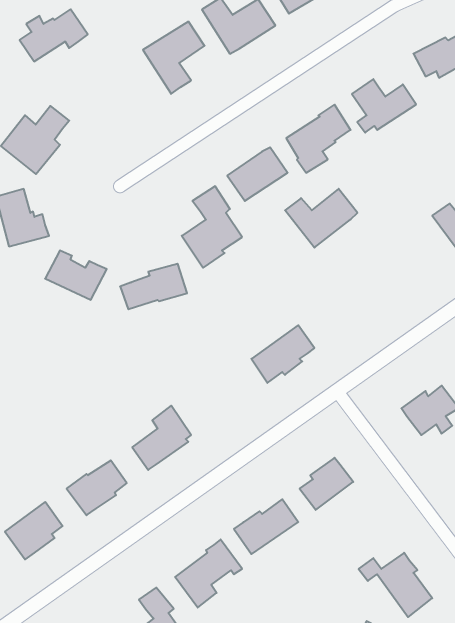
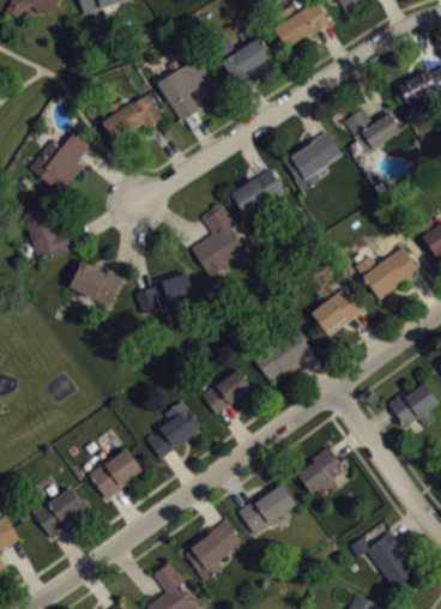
building: [20,9,88,61] -> [102,95,163,141]
building: [285,189,357,248] -> [355,247,419,300]
building: none -> [312,289,361,337]
building: none -> [201,369,254,415]

